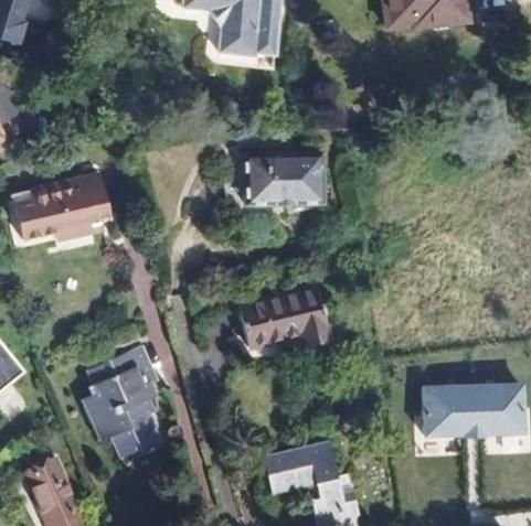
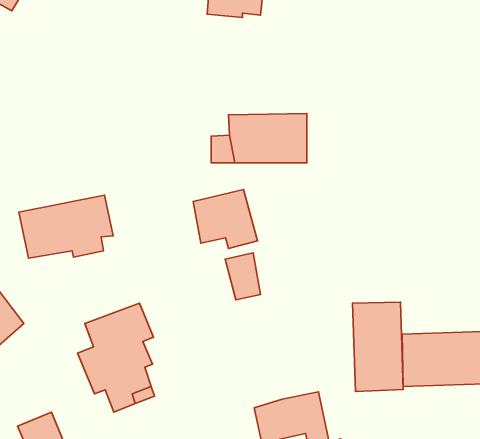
building: [11,176,108,241] -> [19,195,113,258]
building: [265,286,331,346] -> [193,190,258,248]
building: none -> [353,302,403,391]

